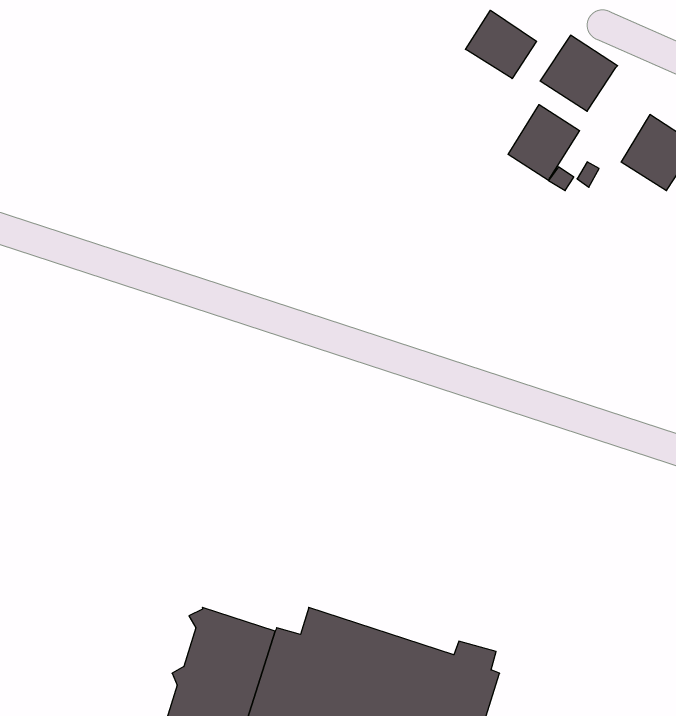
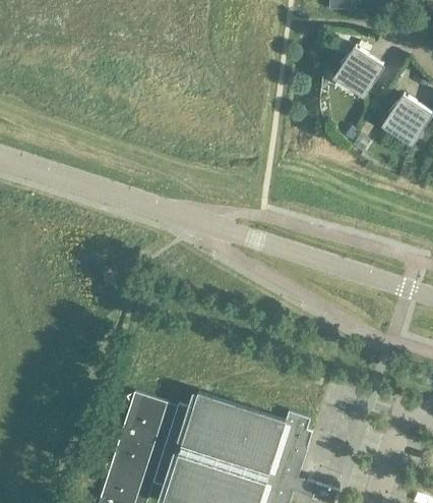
building: [465,10,537,79] -> none
building: [508,105,580,180] -> none

